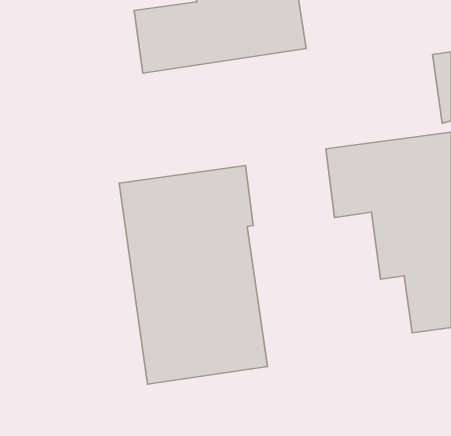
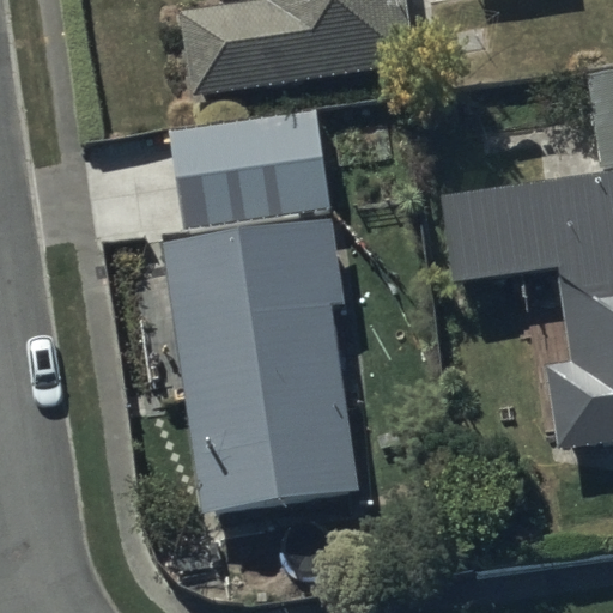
building: none -> [166,95,326,213]

